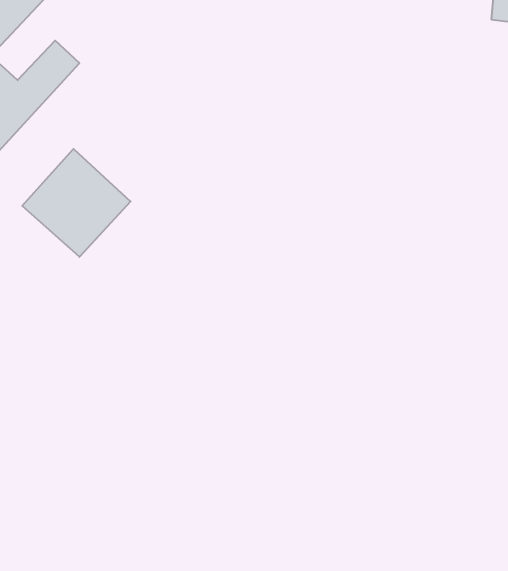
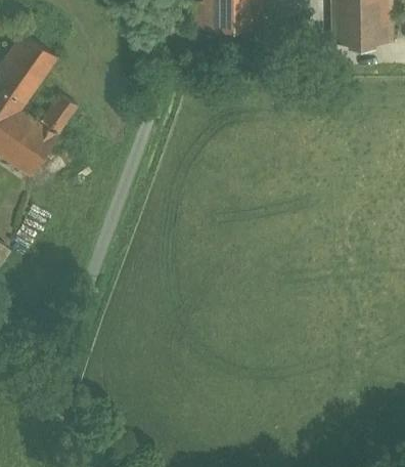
building: [22,149,131,257] -> none

